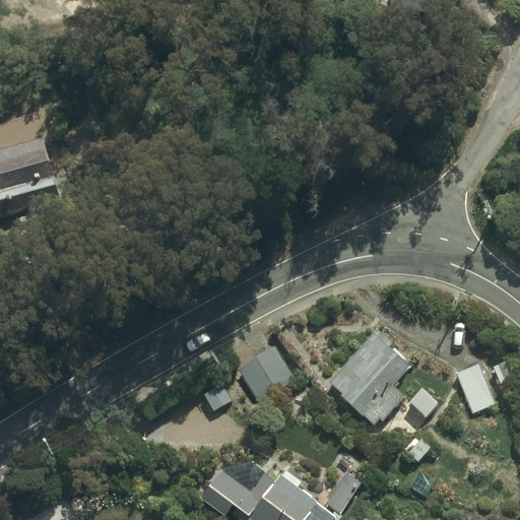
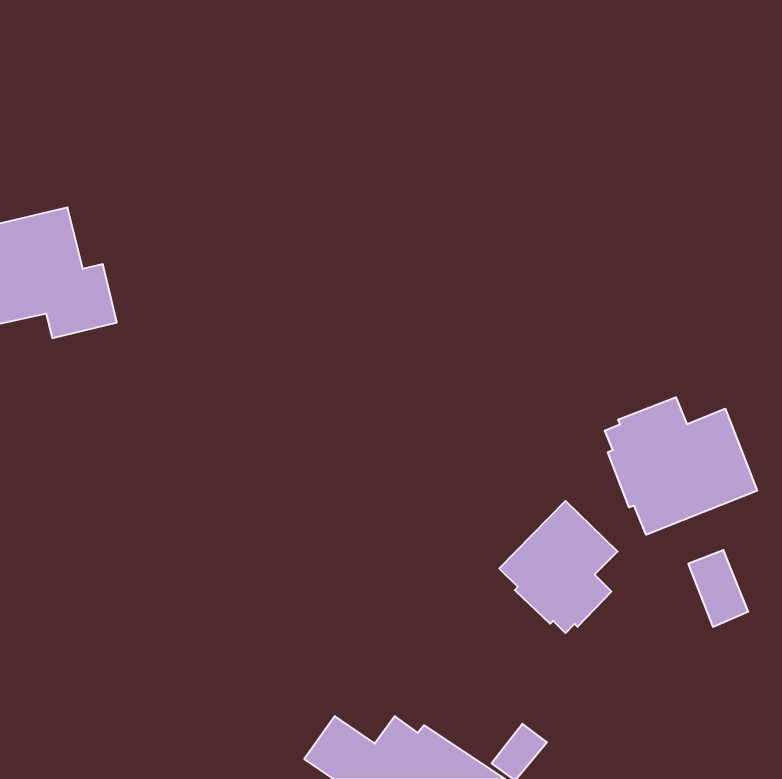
building: none -> [605,397,757,535]
building: [237,343,296,399] -> none

